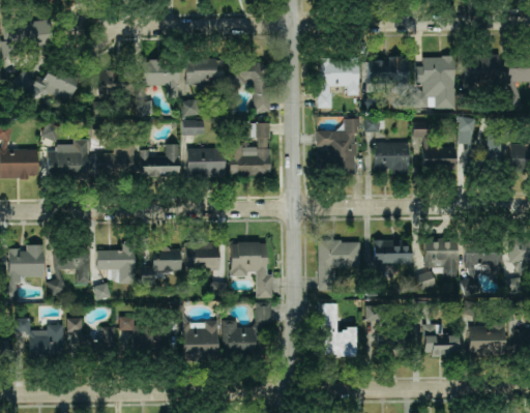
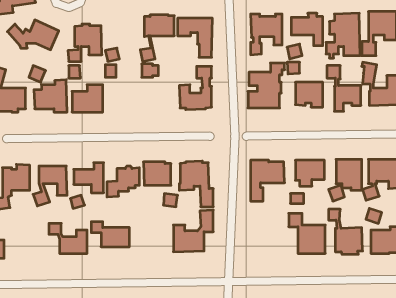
building: [142,59,178,97] -> none
building: [140,144,178,177] -> none
building: [186,148,226,177] -> none
building: [319,302,357,357] -> none
building: [170,303,217,357] -> none
building: [14,318,62,356] -> none

